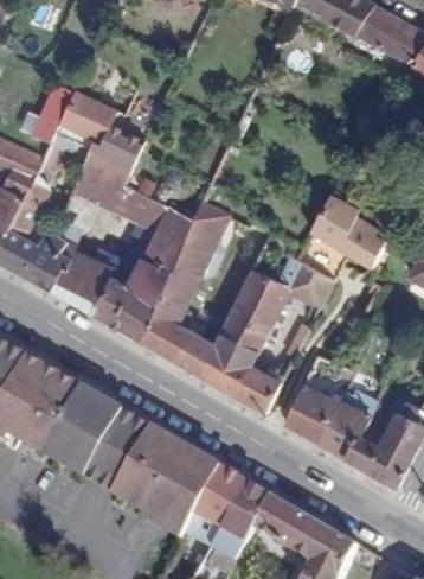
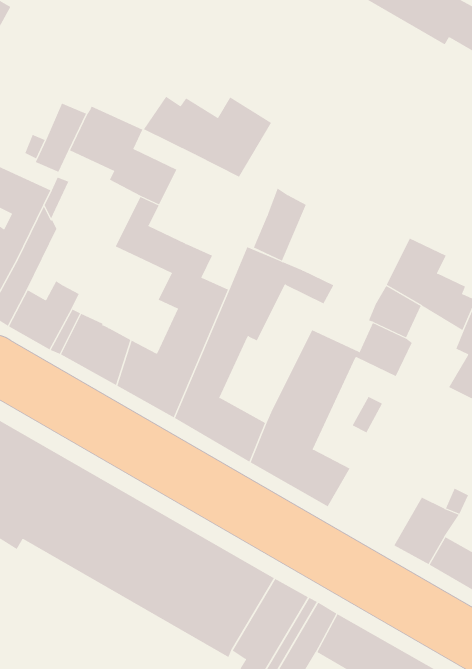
building: none -> [143,96,272,178]
building: [70,148,114,202] -> none
building: none -> [253,187,307,262]
building: [285,384,339,441] -> none

